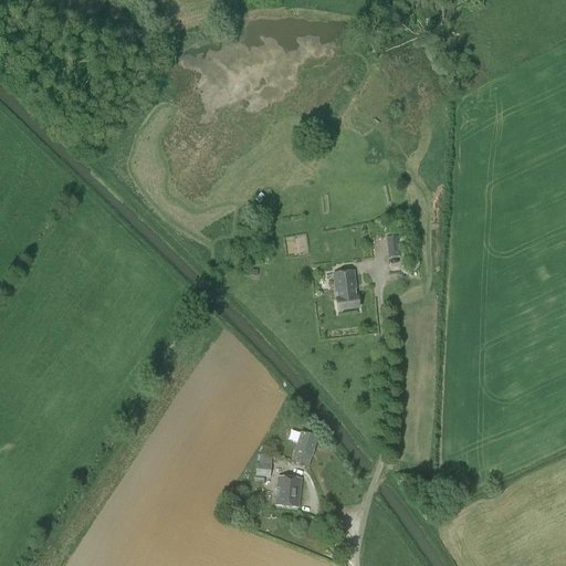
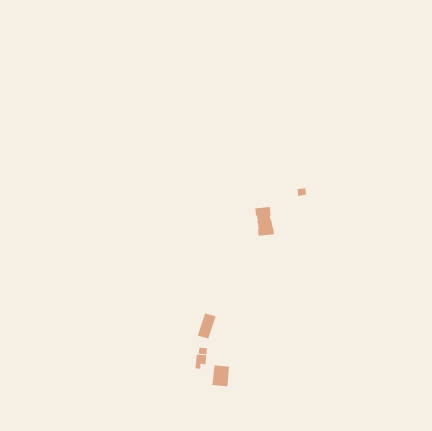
building: [292,431,317,465] -> [197,313,216,339]

